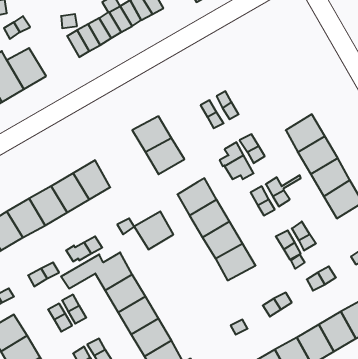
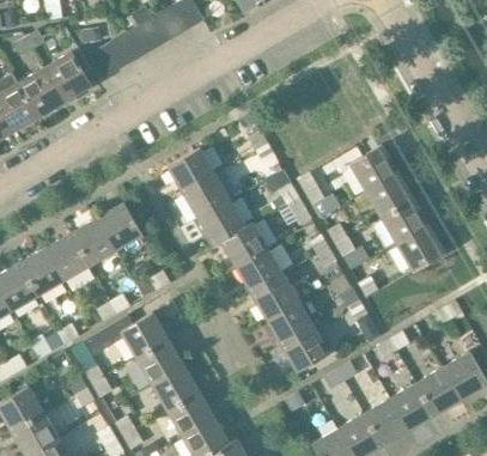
building: none -> [44,53,91,102]
building: [134,211,173,249] -> [199,201,245,247]
building: none -> [281,328,329,372]

